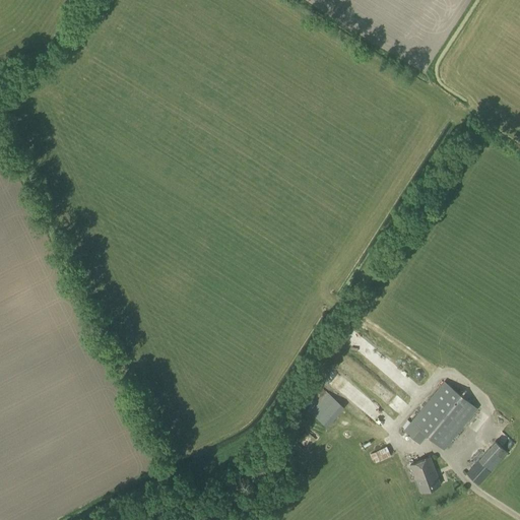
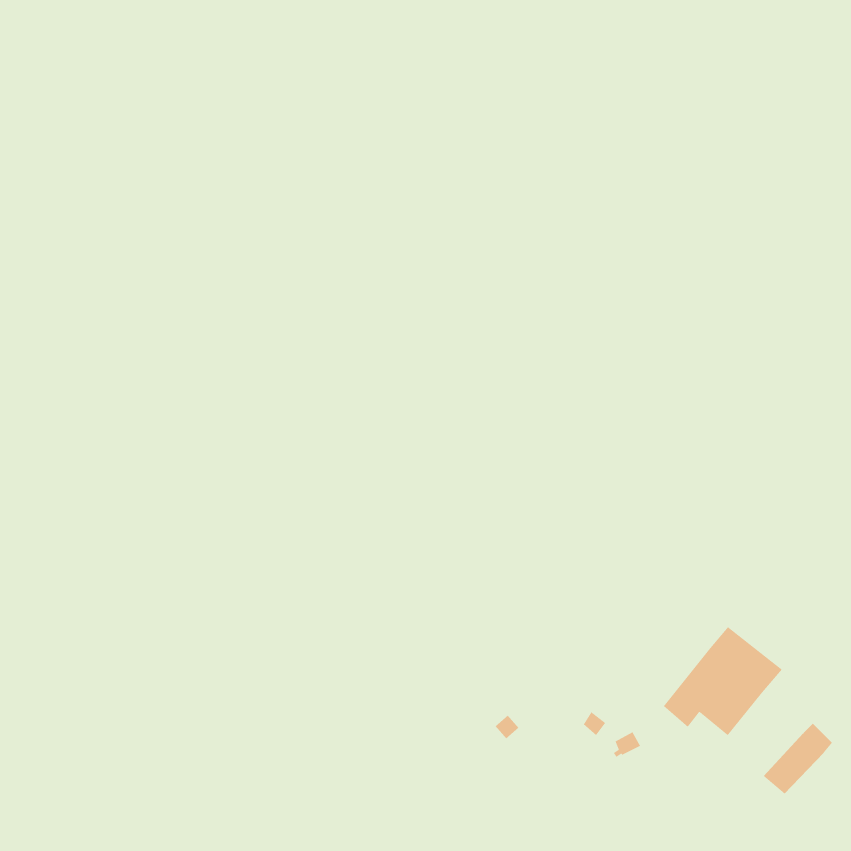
building: [308,390,344,427] -> none
building: [409,456,440,492] -> none

